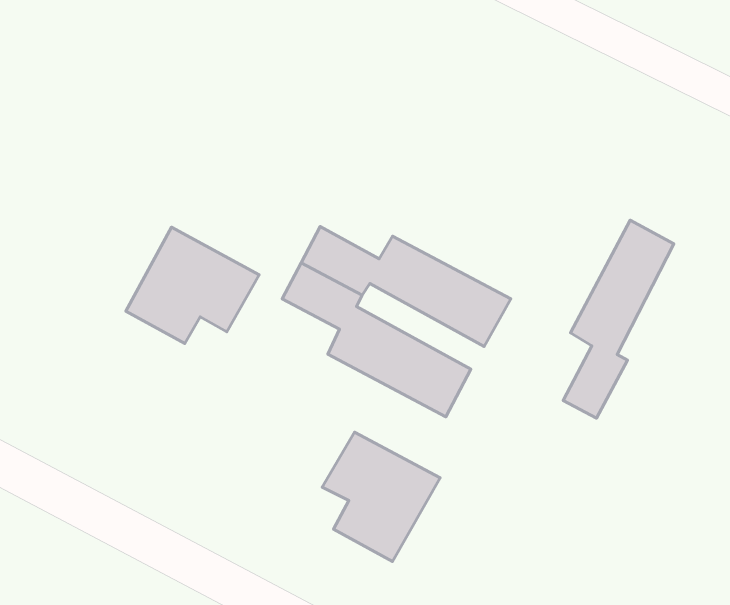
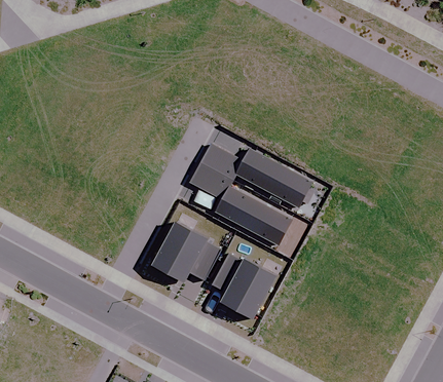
building: [563,220,674,418] -> none
building: [126,227,259,343] -> [150,224,222,286]

